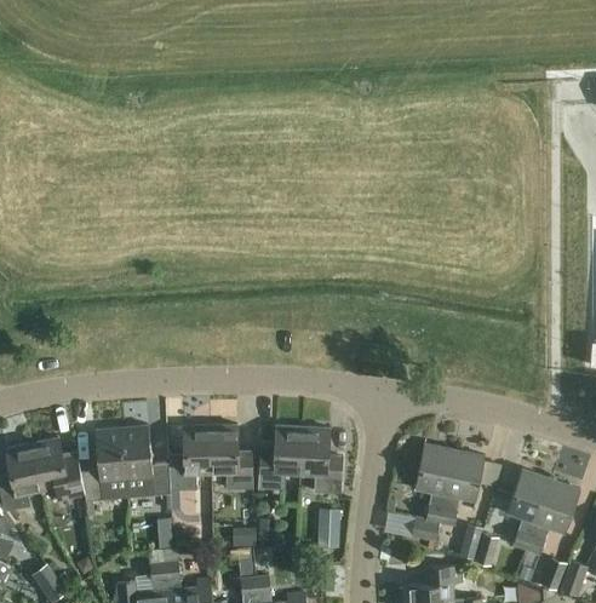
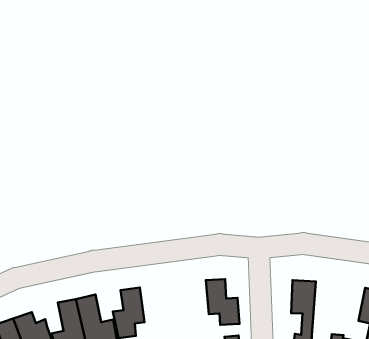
building: [212,425,253,490] -> none
building: [259,426,304,490] -> none
building: [439,450,485,526] -> none

